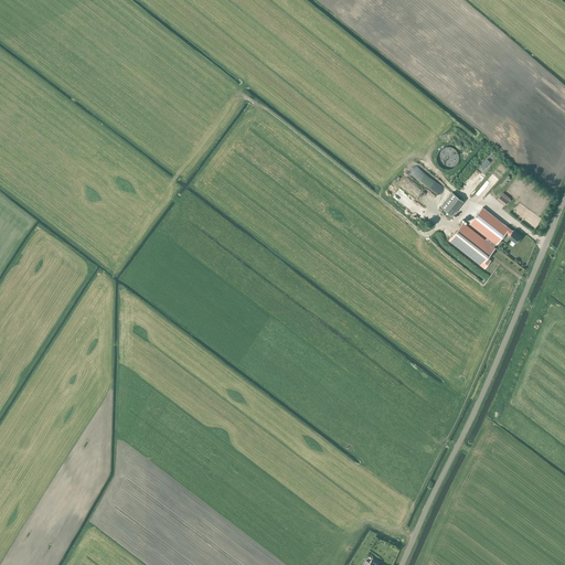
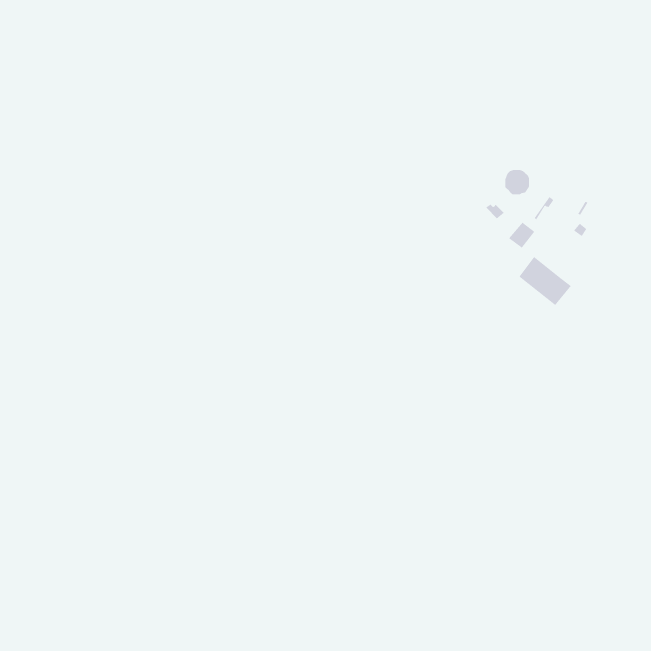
building: [475,210,521,247] -> none

